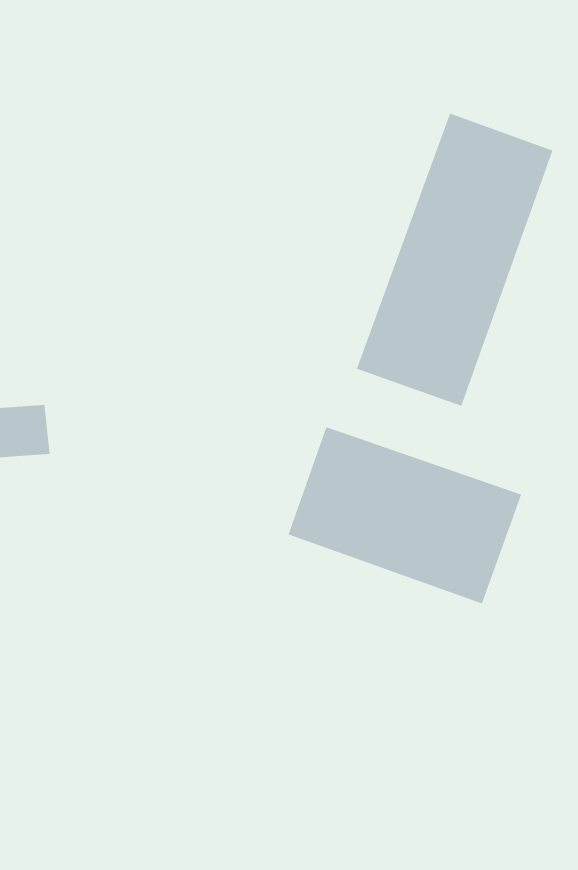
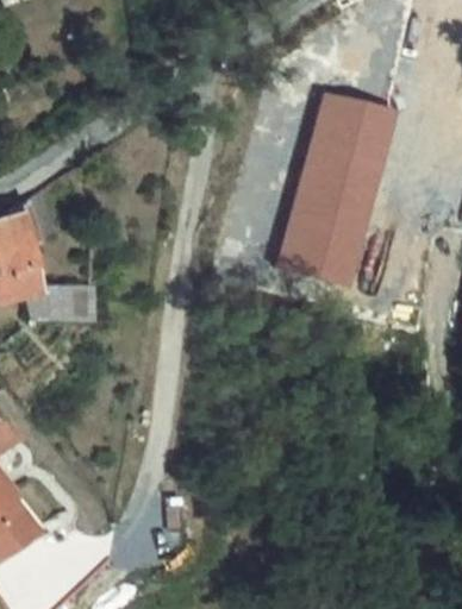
building: [287,426,522,605] -> none

